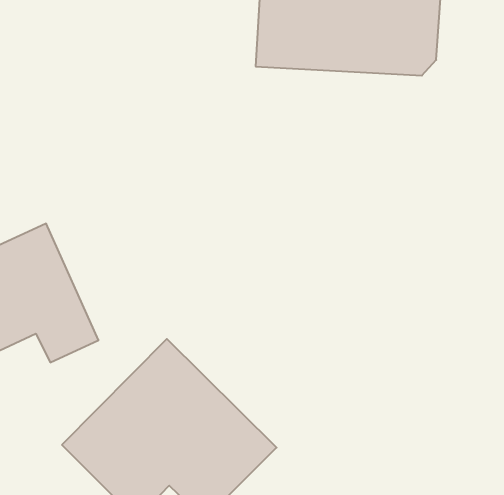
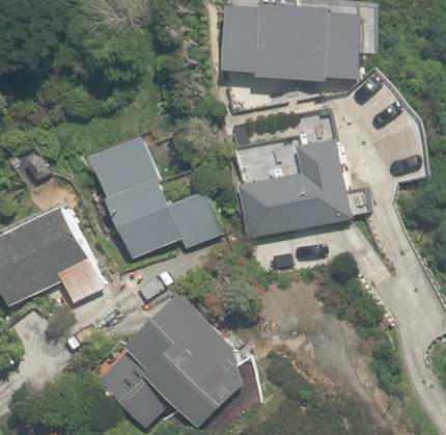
building: none -> [241,134,351,238]
building: none -> [92,137,225,262]

